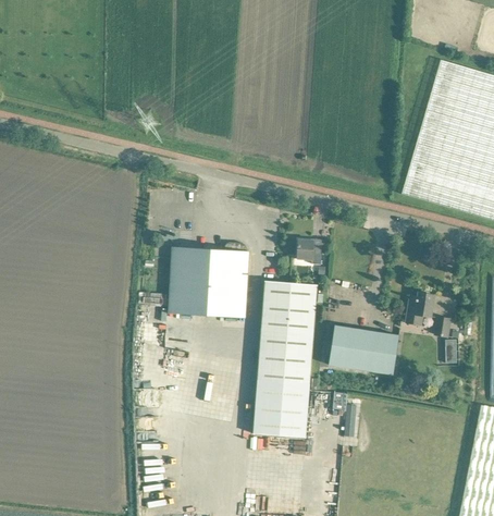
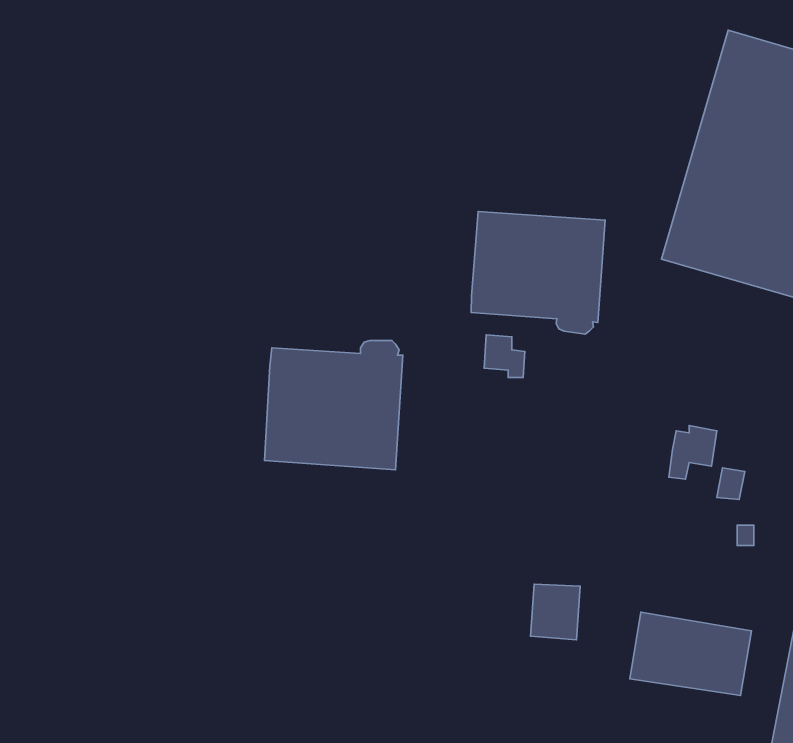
building: none -> [471,212,605,334]
building: [254,282,317,439] -> none
building: [328,325,399,374] -> [630,612,752,695]

